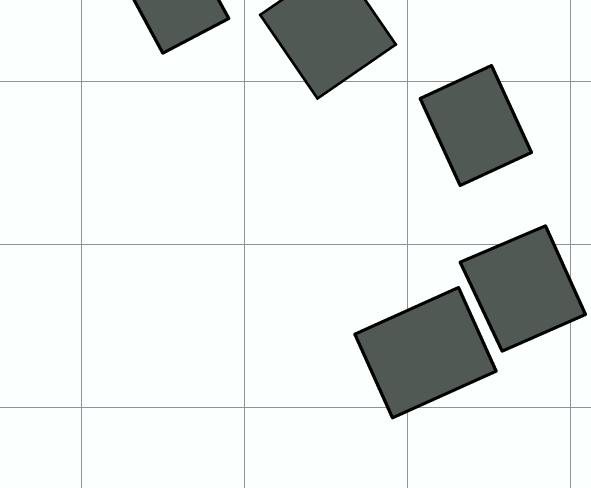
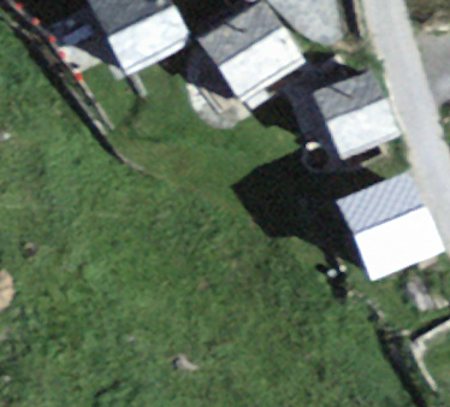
building: [355,287,496,418] -> none

